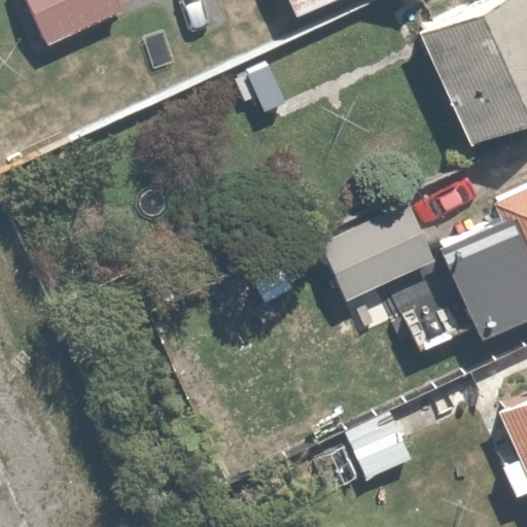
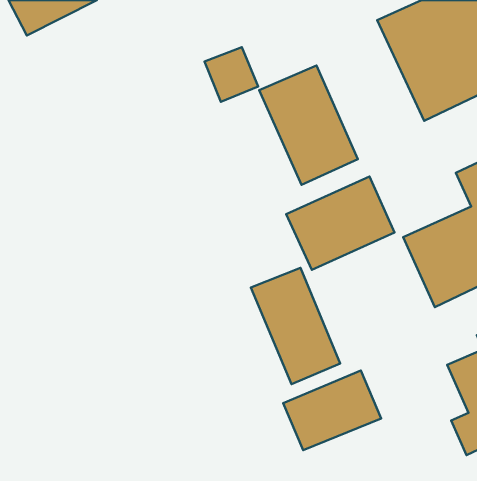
building: none -> [259,66,358,185]
building: none -> [251,268,340,384]

